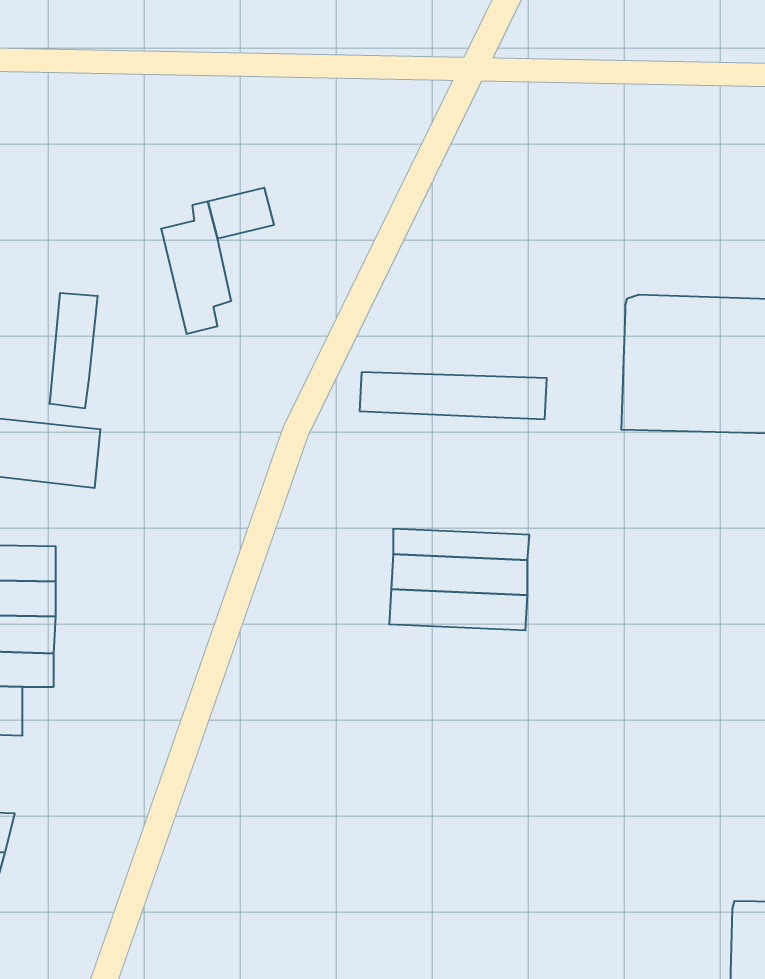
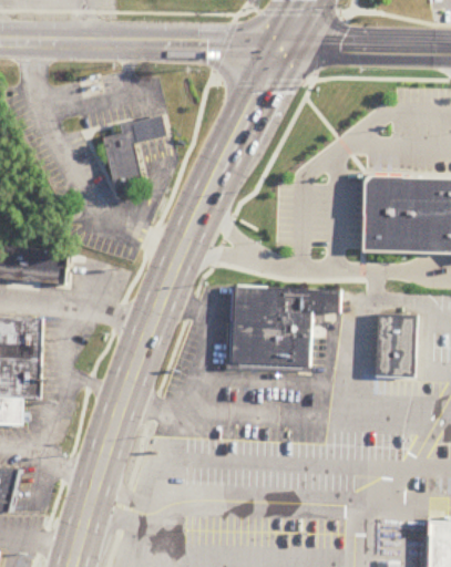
building: [50,293,98,408] -> none
building: [360,372,547,419] -> [233,287,339,313]
building: none -> [375,315,416,378]

